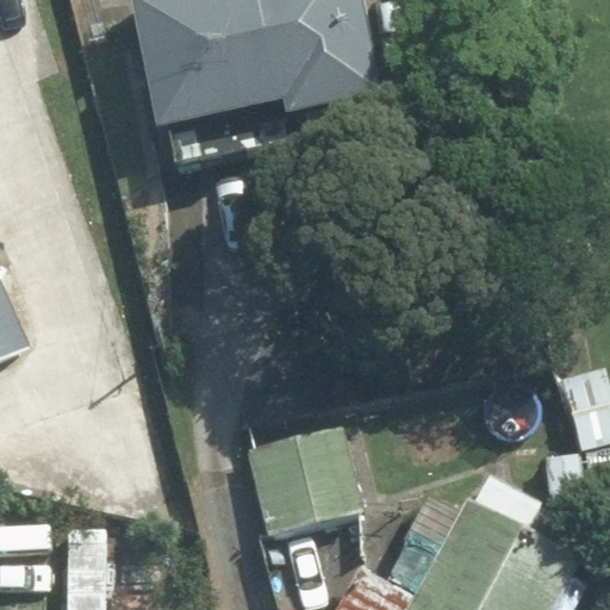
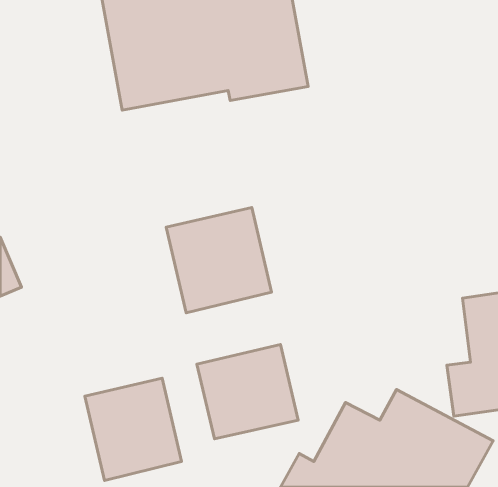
building: none -> [166,207,272,313]
building: none -> [85,378,182,480]

